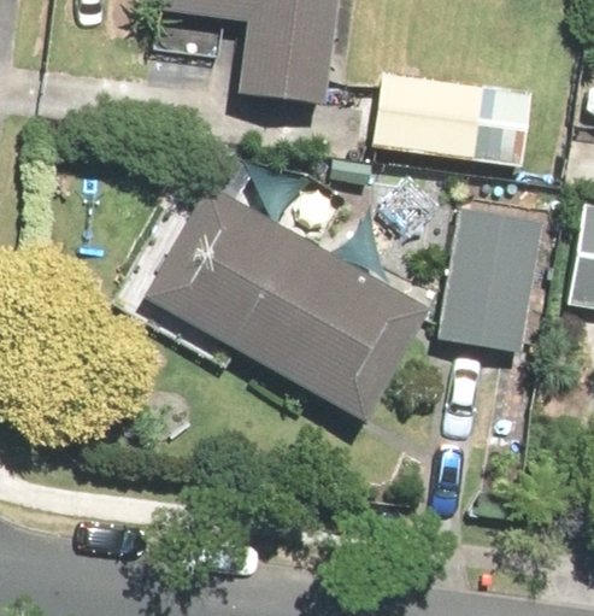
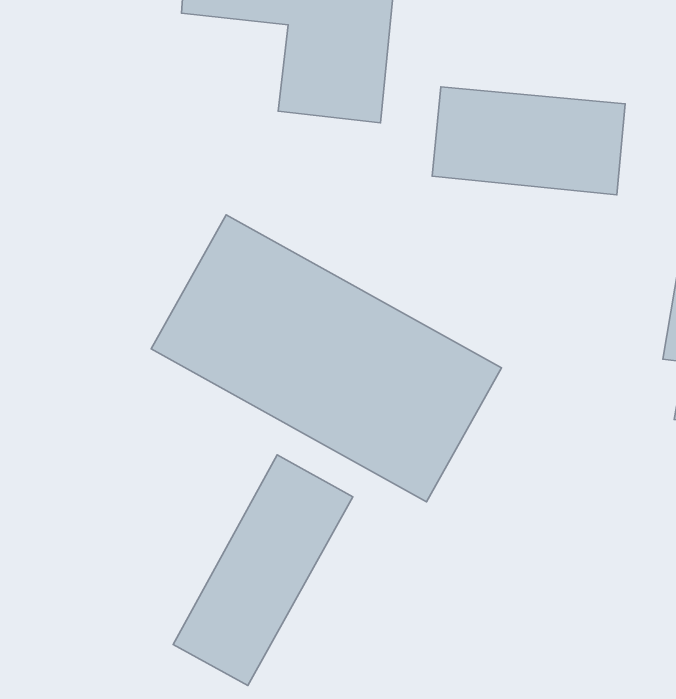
building: [435,206,541,352] -> none
building: none -> [173,455,353,686]

